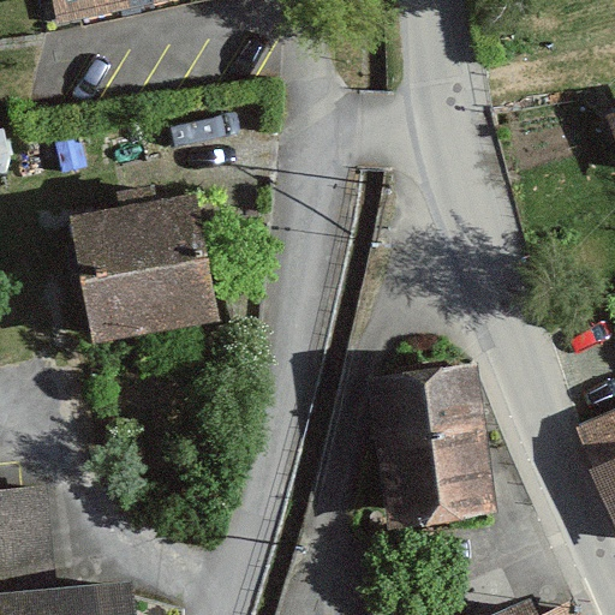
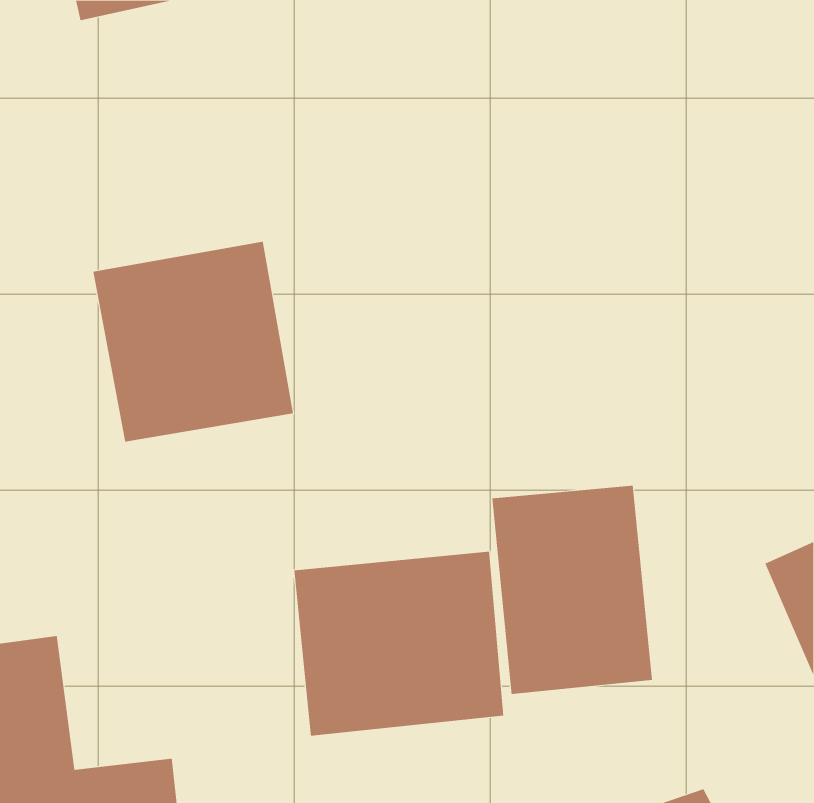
building: none -> [294,551,504,736]

